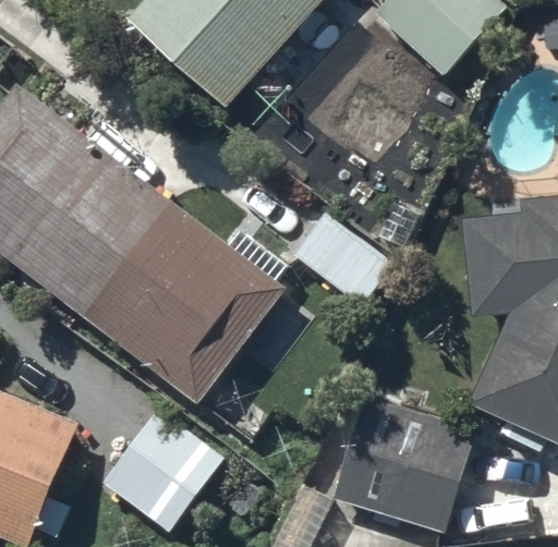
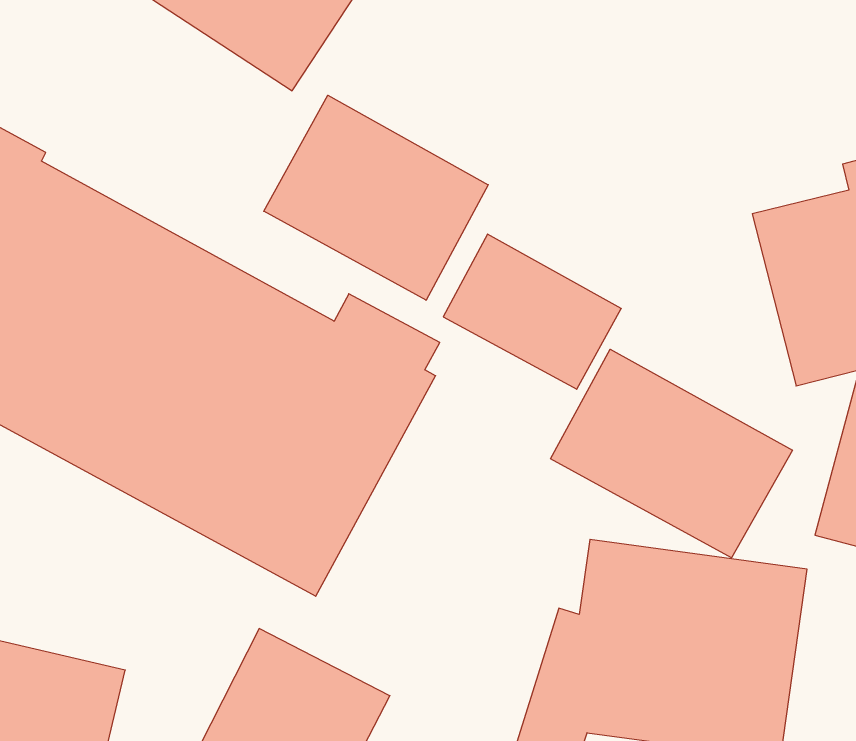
building: none -> [264,95,488,300]
building: none -> [551,349,792,558]

